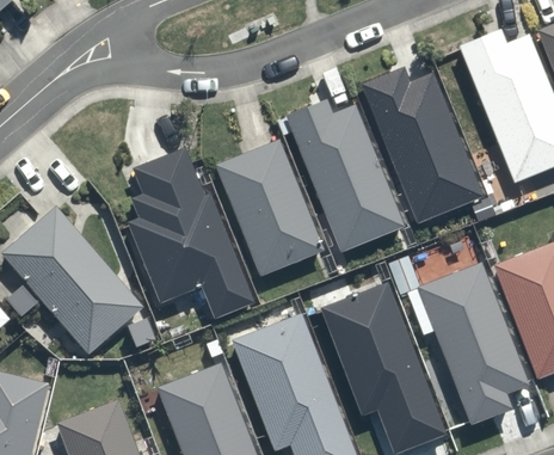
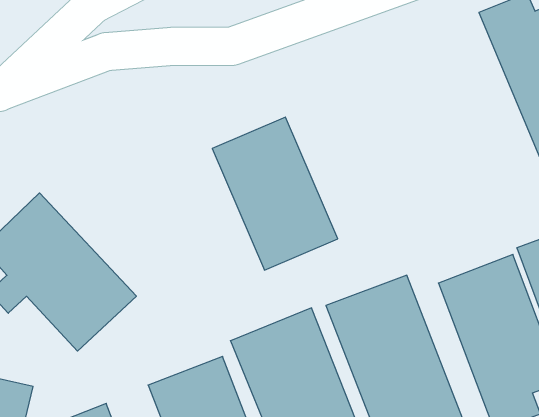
building: [361,63,484,223] -> none
building: [284,98,407,251] -> none
building: [119,146,254,316] -> none

